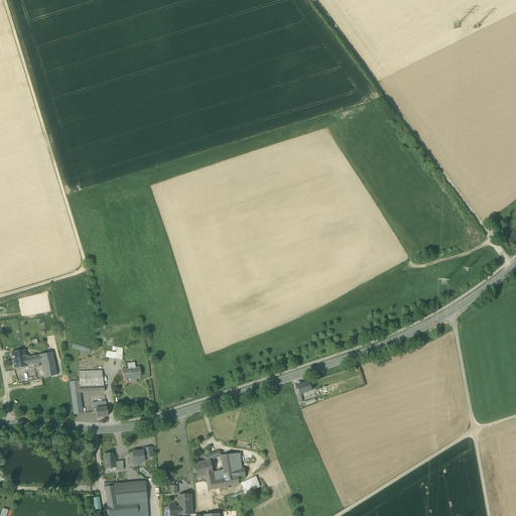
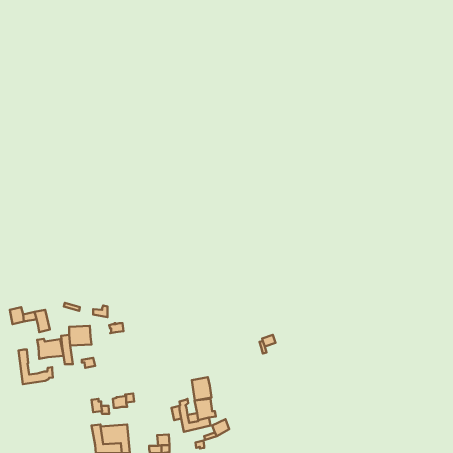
building: none -> [37,339,64,359]
building: none -> [19,350,53,384]
building: none -> [192,377,212,401]

